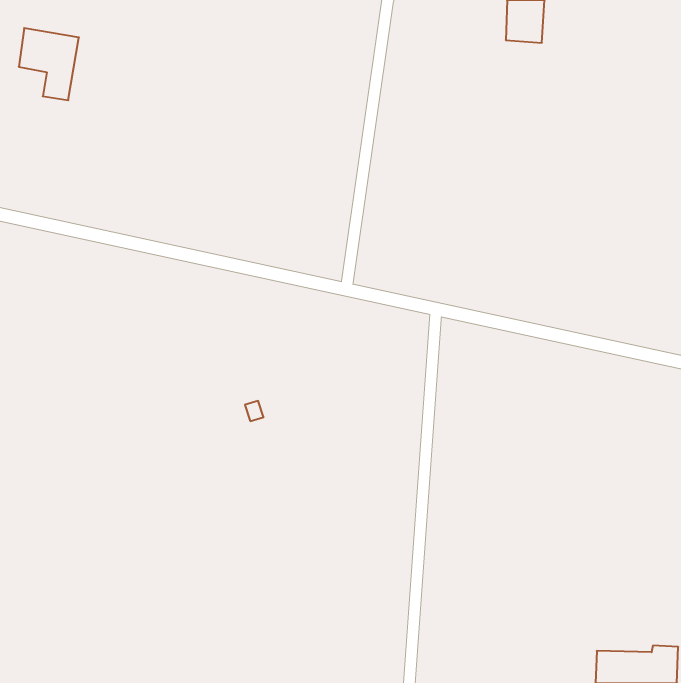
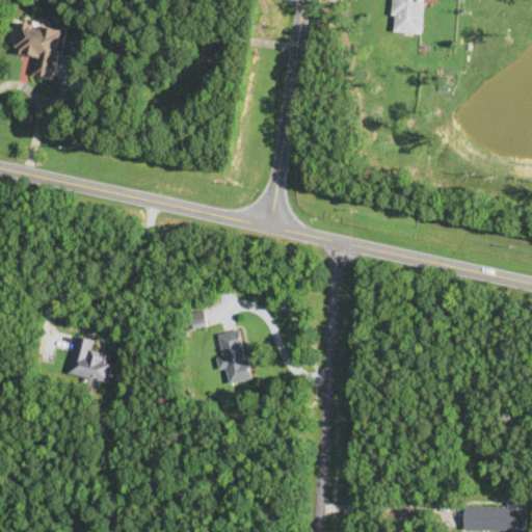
building: none -> [217,329,248,382]
building: none -> [69,336,112,381]

